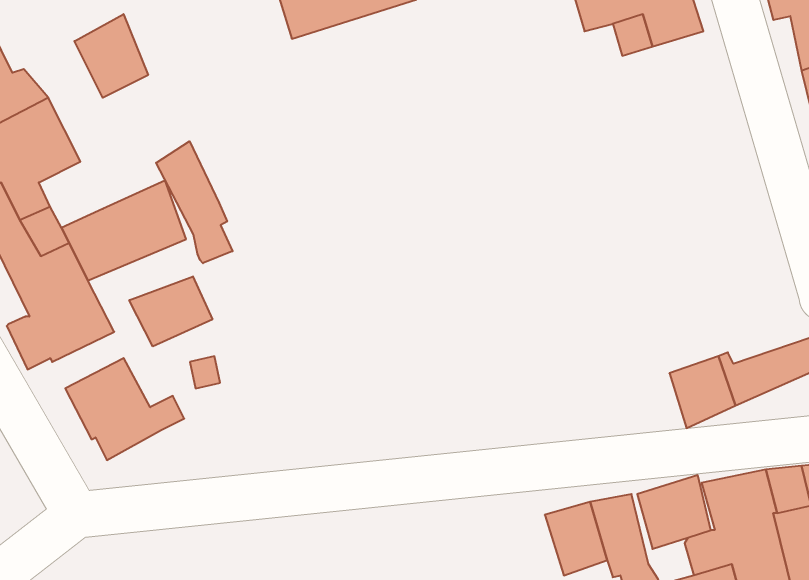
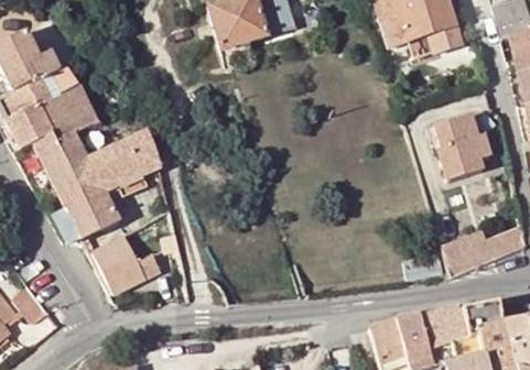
building: [74,14,148,98] -> none
building: [156,141,233,263] -> none
building: none -> [433,113,493,179]
building: [129,276,212,346] -> none

